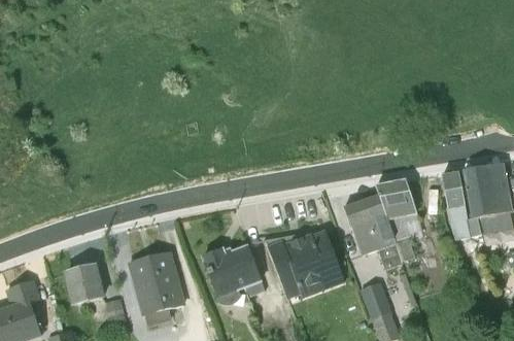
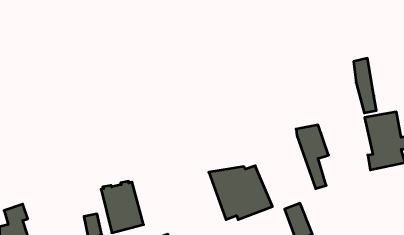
building: [441,170,470,239] -> [354,58,376,113]
building: [343,193,402,269] -> none
building: [203,244,265,297] -> none
building: [64,265,103,305] -> none

